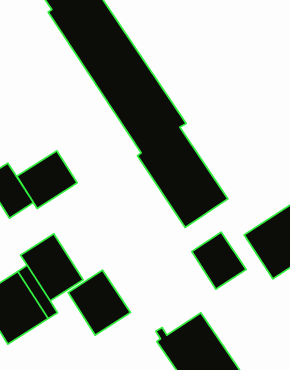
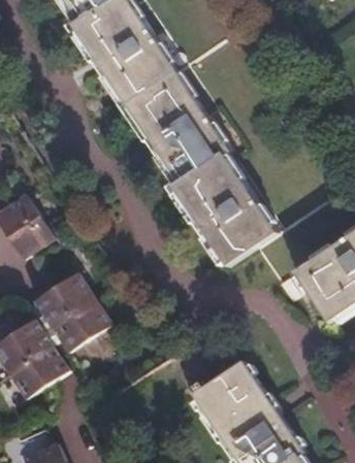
building: [17,151,77,208] -> none
building: [192,232,246,289] -> none
building: [68,270,131,335] -> none

